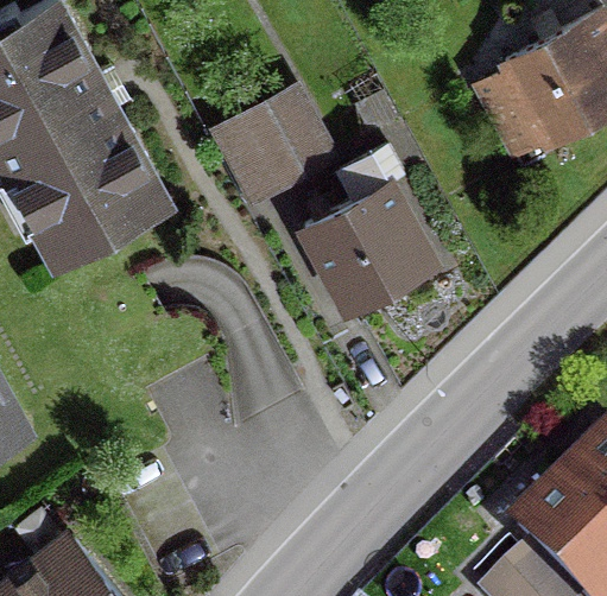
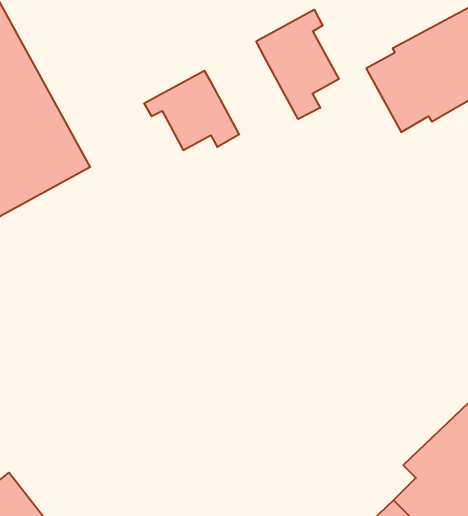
building: none -> [256,10,339,119]
building: [299,146,431,313] -> none

